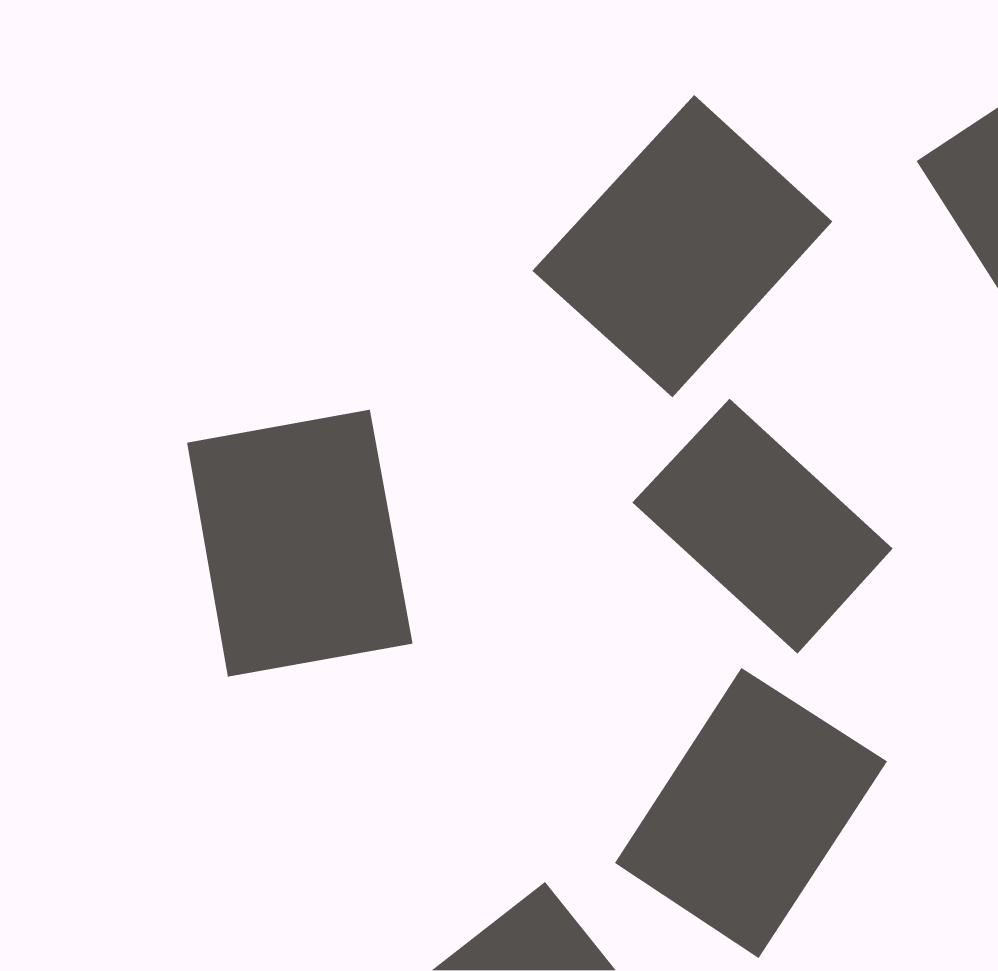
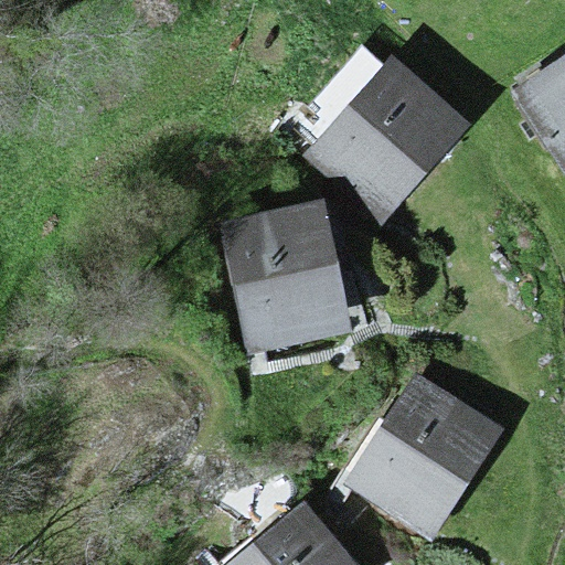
building: [631,398,893,655] -> none
building: [186,409,414,677] -> [220,201,348,352]

